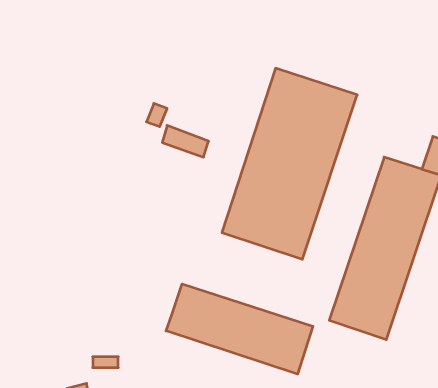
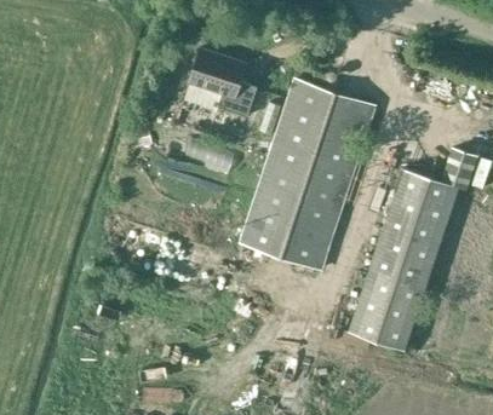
building: none -> [185,47,257,116]
building: [166,284,313,374] -> none

